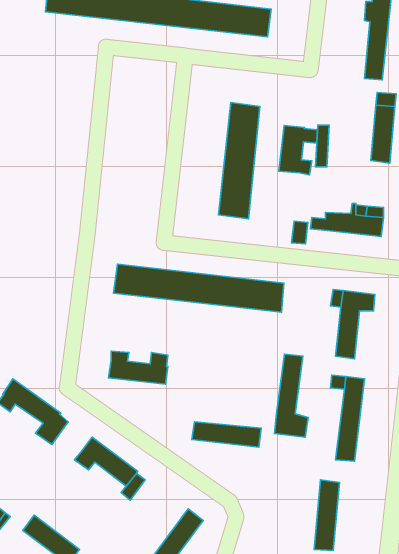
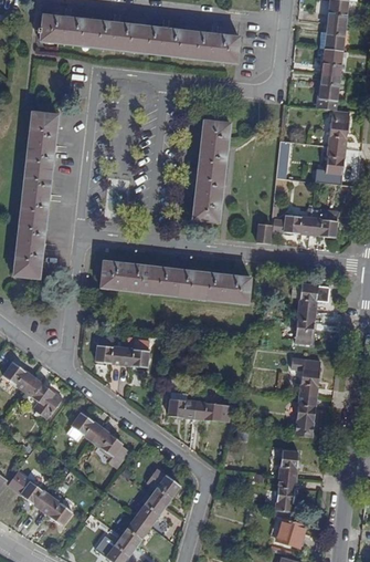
building: none -> [13,112,57,278]
building: [279,126,317,175] -> none
building: [275,354,308,437] -> none

